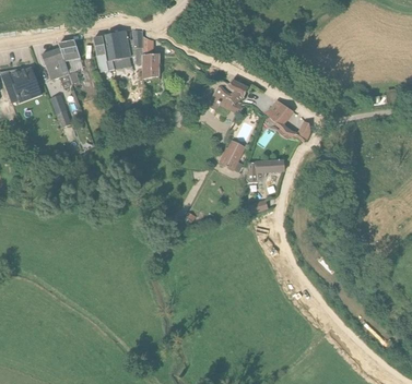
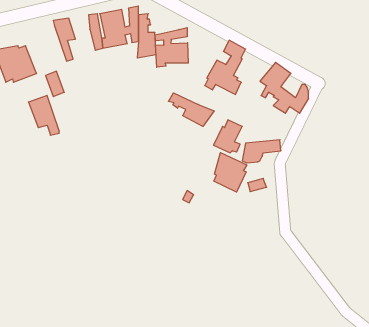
building: [40,48,71,87] -> [28,95,59,135]
building: none -> [155,28,188,67]
building: none -> [168,93,214,126]
building: none -> [214,153,247,192]

